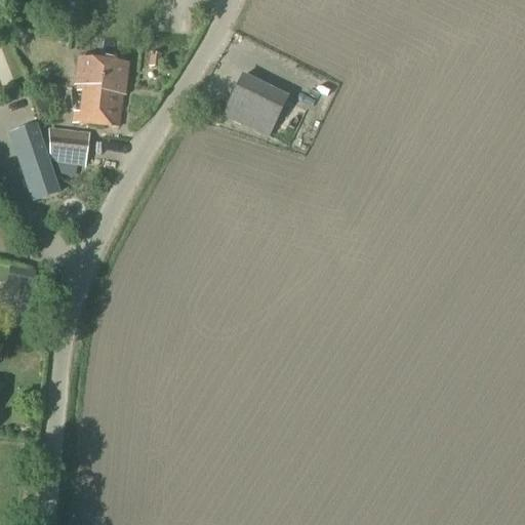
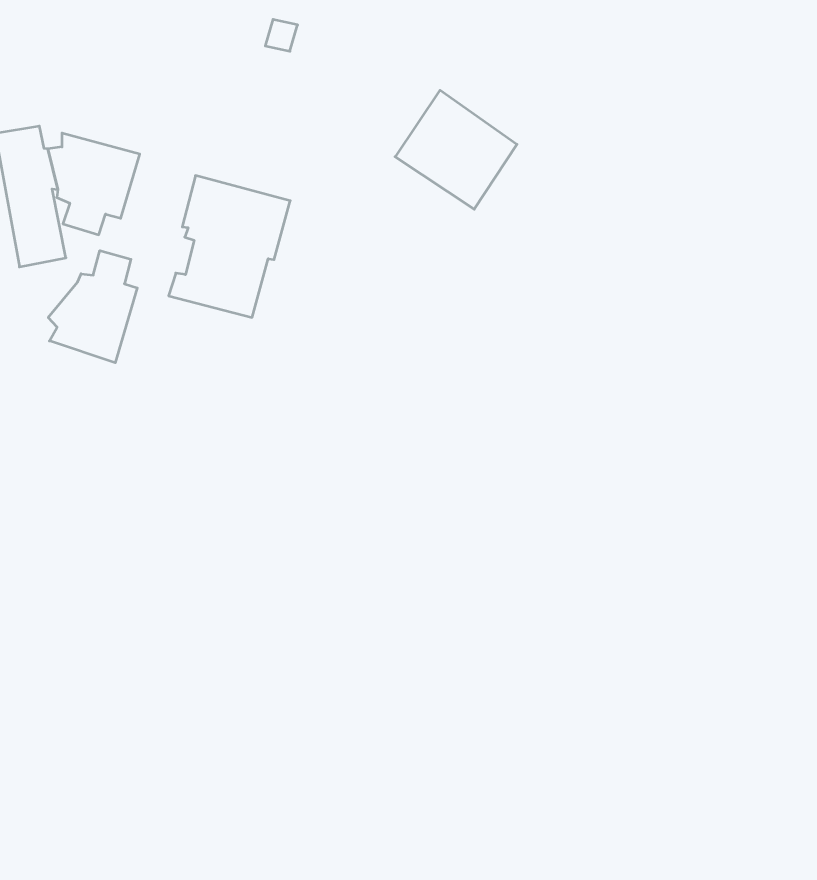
building: [73,55,129,125] -> [169,176,290,317]
building: none -> [48,251,137,363]

